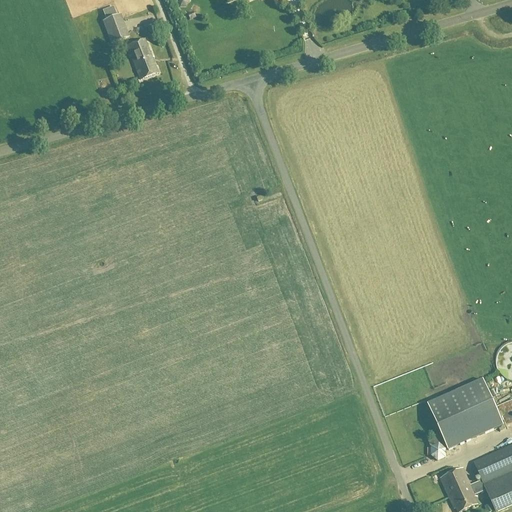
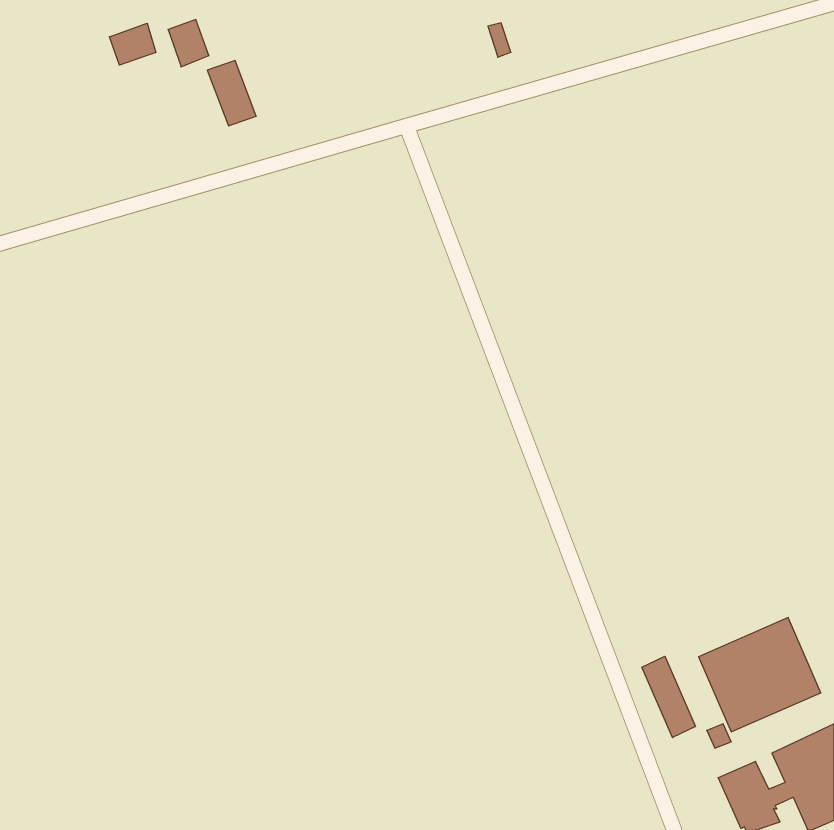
building: none -> [109,23,156,65]
building: none -> [642,656,695,738]

